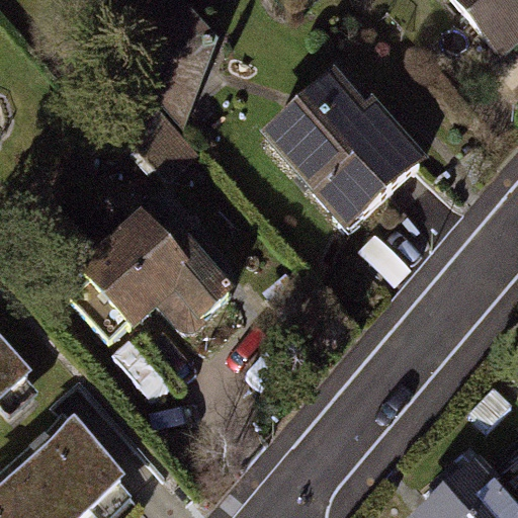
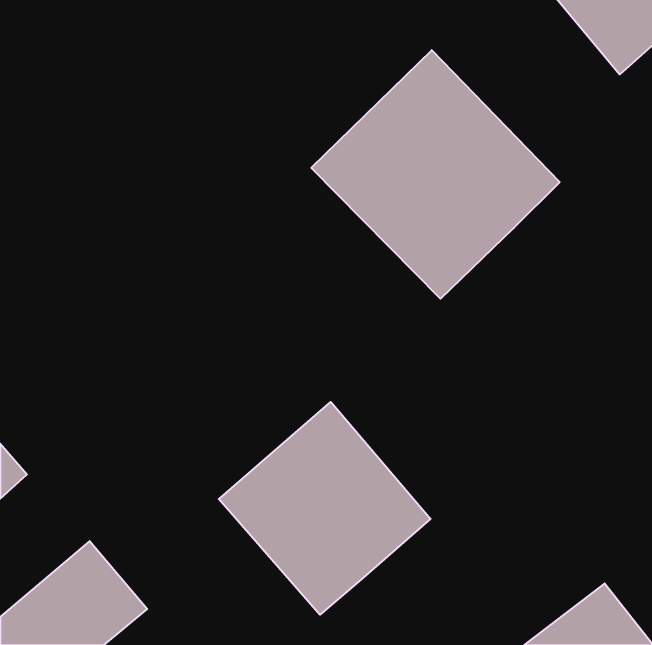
building: [69,198,240,343] -> none
building: none -> [219,402,431,615]

